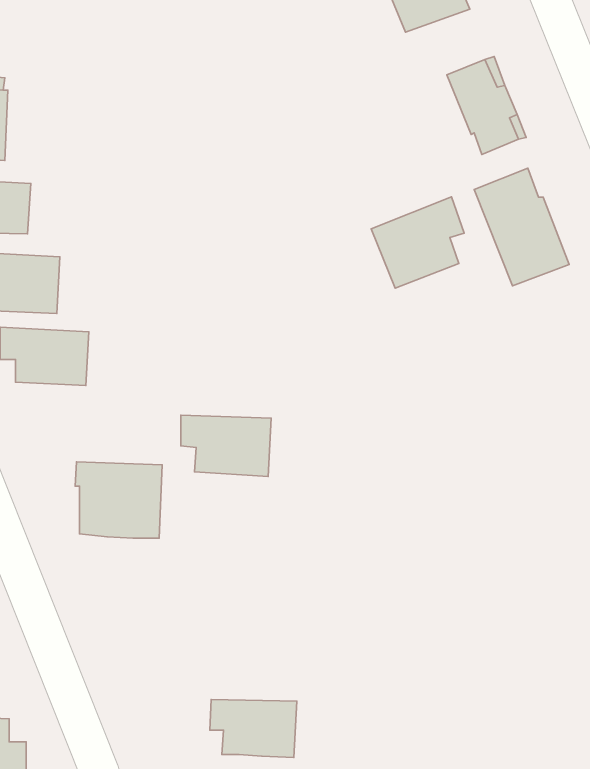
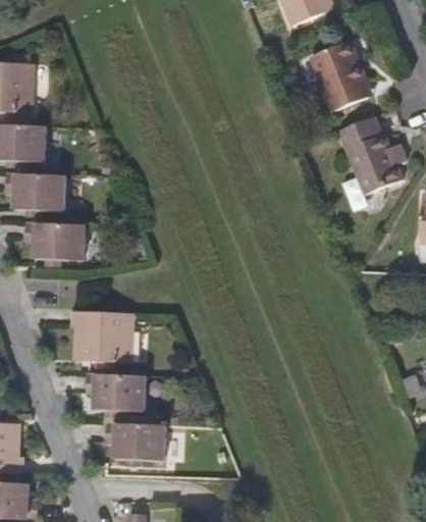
building: [371,197,464,288] -> none
building: [181,415,271,476] -> [86,372,146,413]
building: [210,700,297,758] -> [106,423,164,462]

